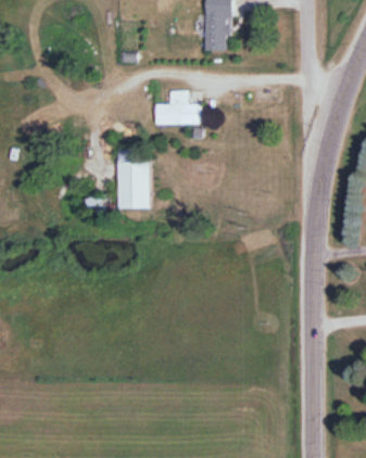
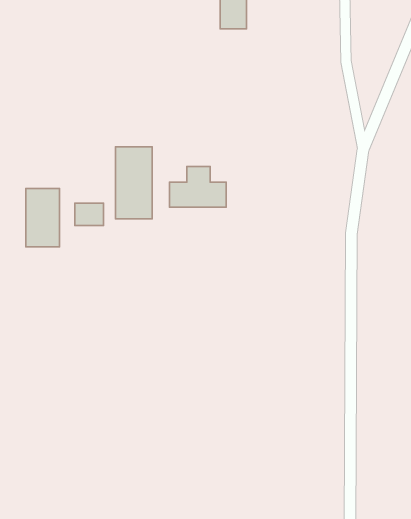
building: [155,90,202,124] -> [170,166,226,207]
building: none -> [26,189,59,247]

